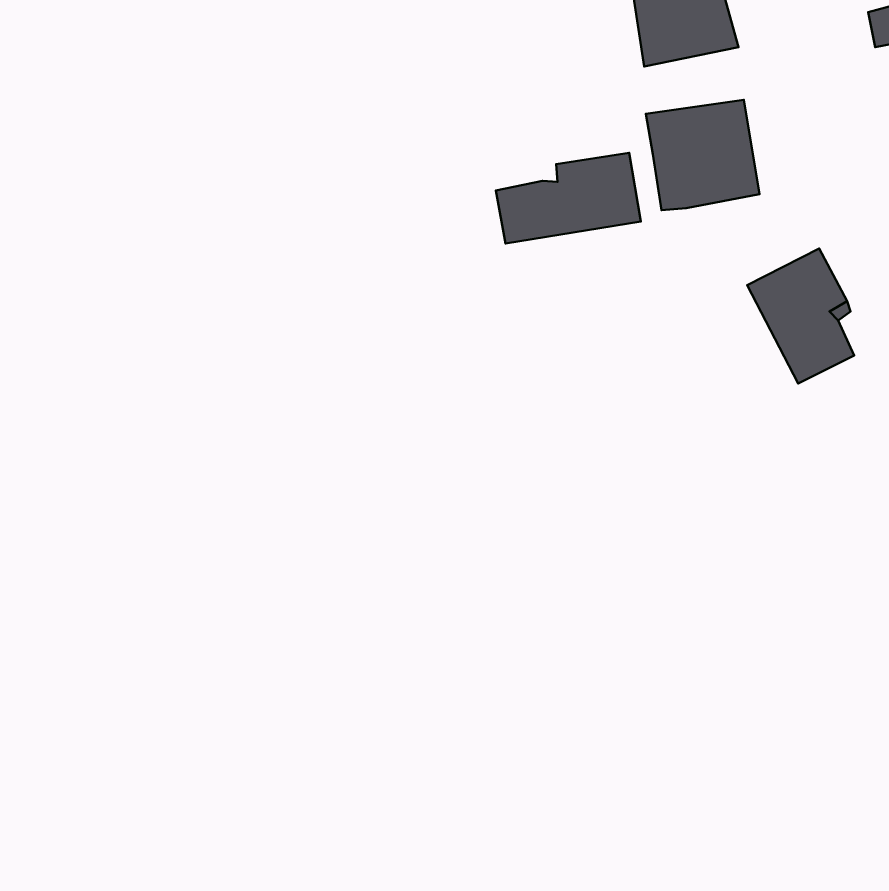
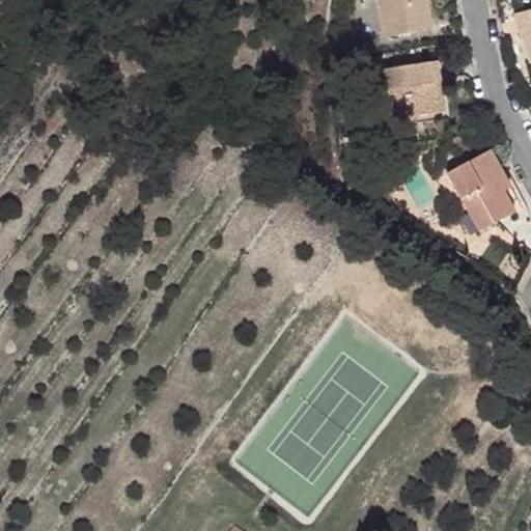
building: [496,153,641,244] -> none

